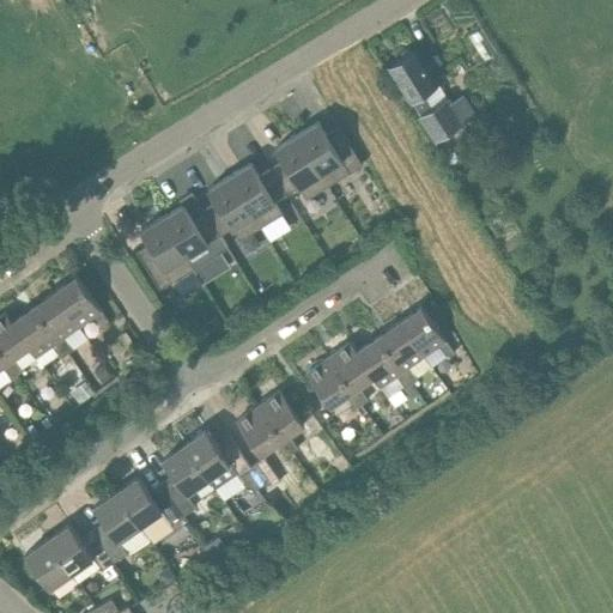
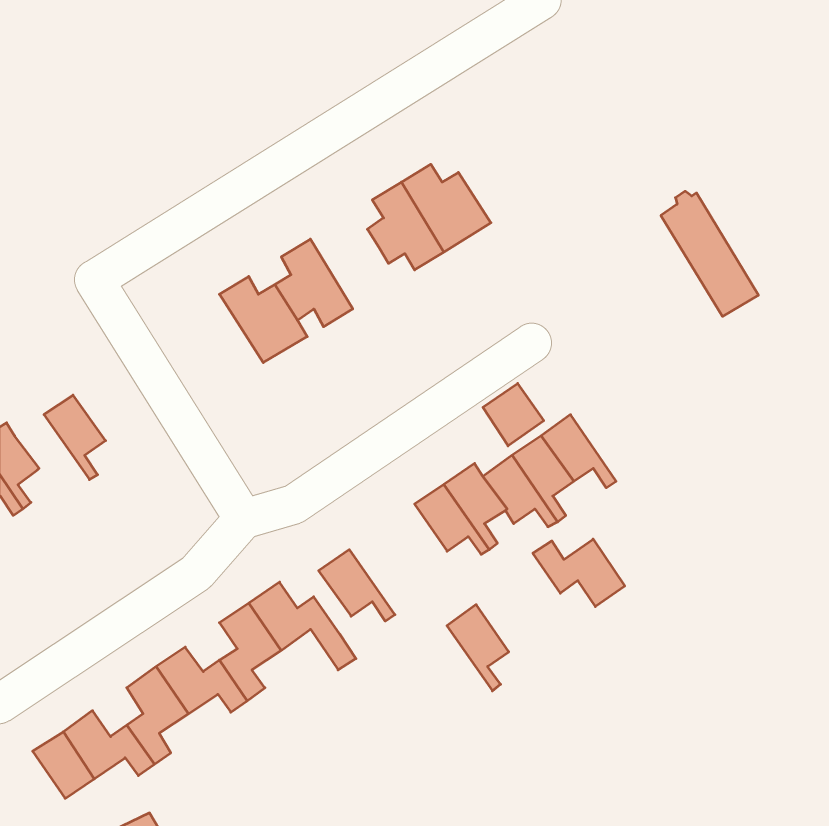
building: [389,51,461,144] -> [661,191,758,316]
building: [229,166,286,231] -> none
building: [135,220,194,292] -> none
building: [54,279,109,332] -> none
building: none -> [483,383,544,446]
building: [11,309,66,362] -> none
building: [257,393,303,456] -> [447,605,509,691]
building: none -> [533,539,625,607]

